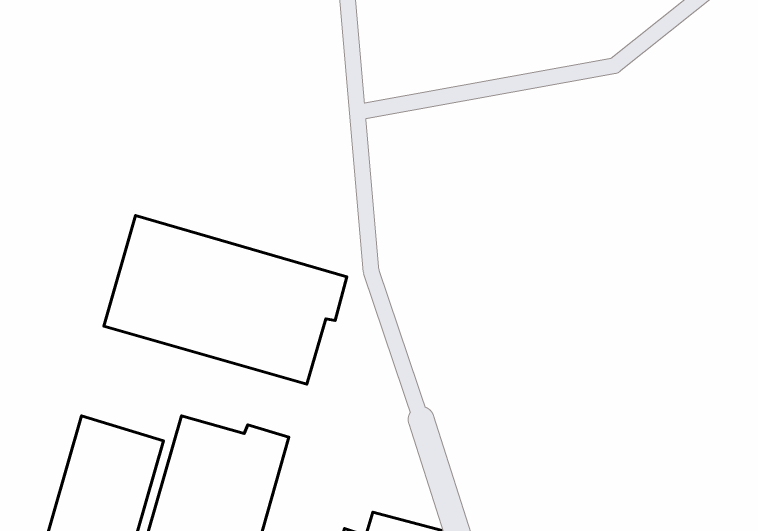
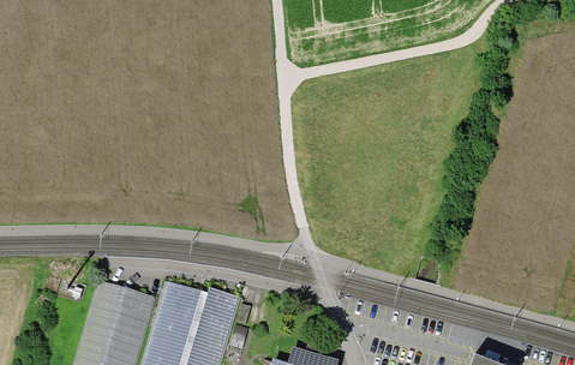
building: [104,215,347,384] -> none

